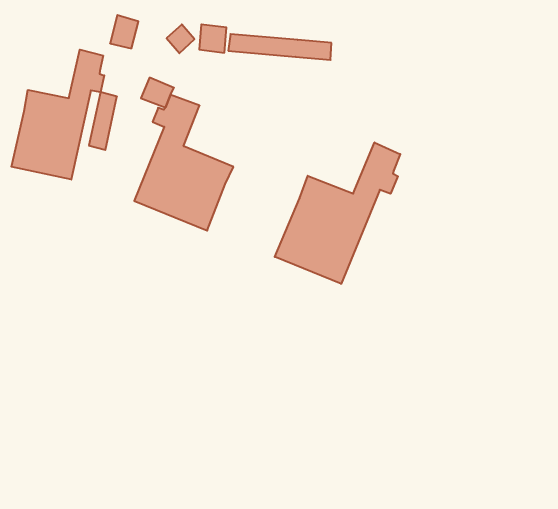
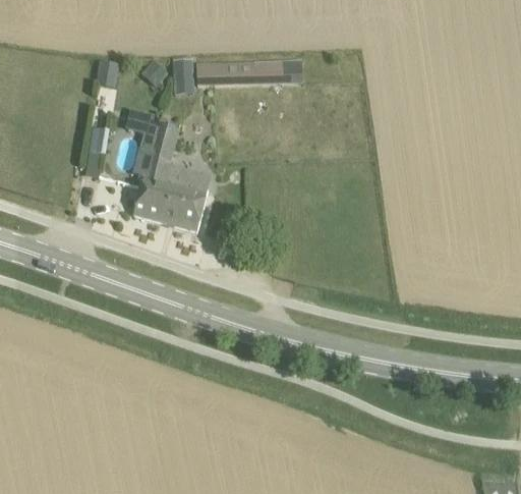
building: [11,50,104,180] -> none
building: [275,142,400,284] -> none

